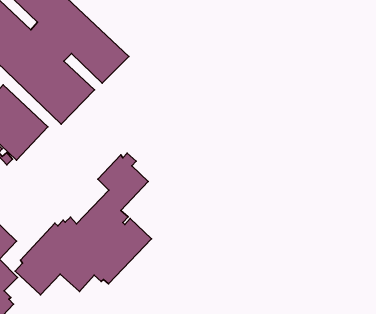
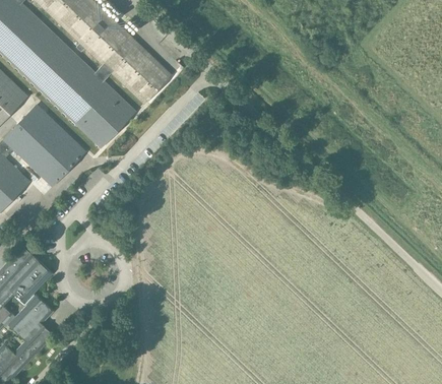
building: [15,153,151,295] -> none

